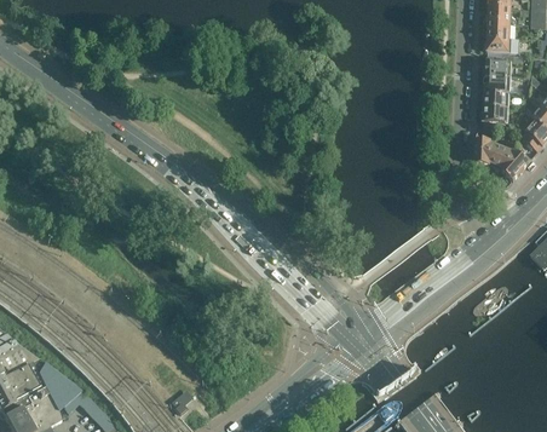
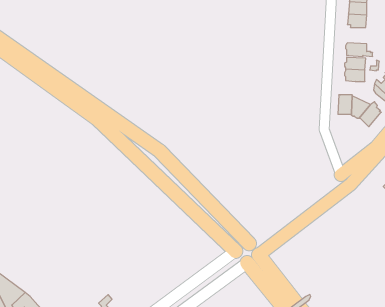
building: [484,54,523,75] -> none

